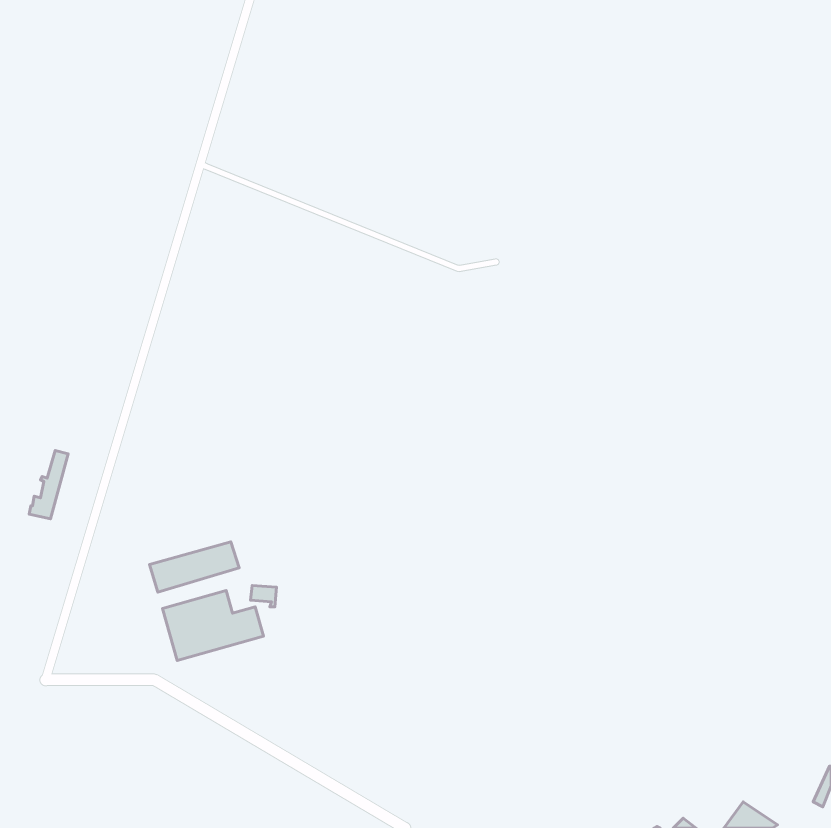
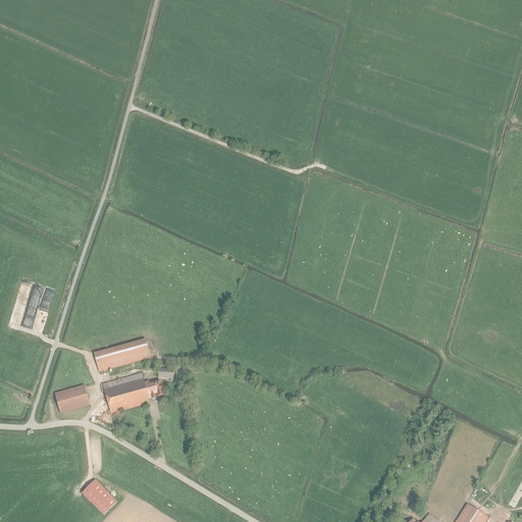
building: none -> [56,384,91,412]
building: none -> [82,480,116,515]

